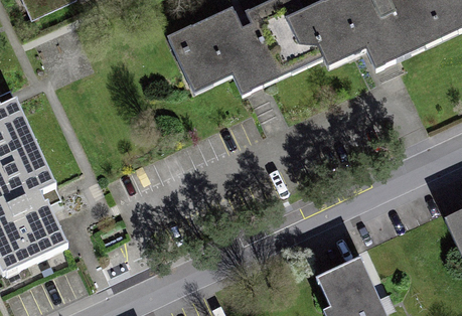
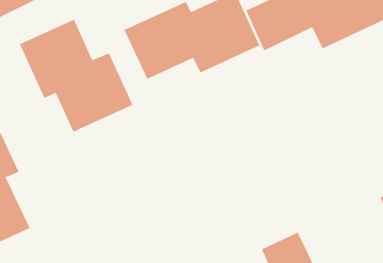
building: none -> [19,19,133,132]

